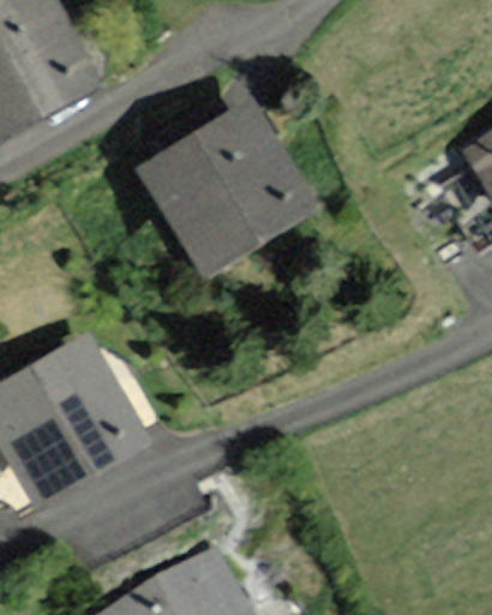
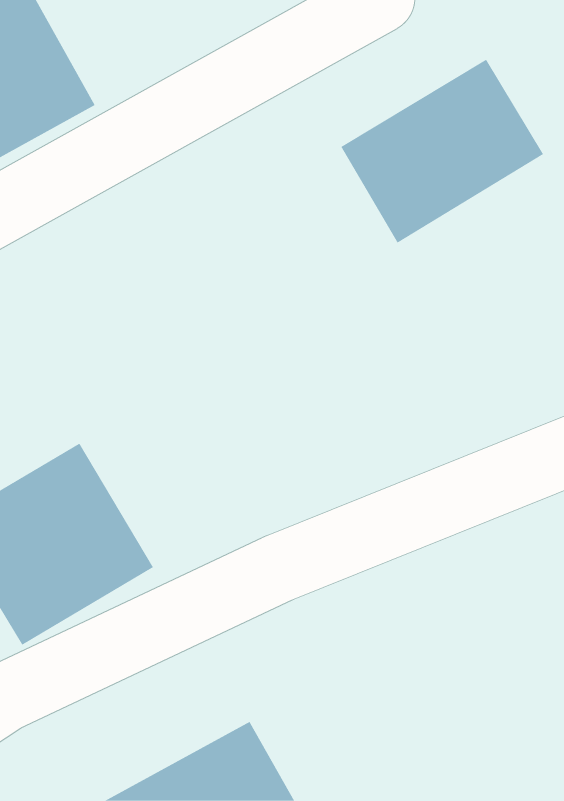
building: none -> [341,59,544,244]
building: [148,103,310,267] -> none

